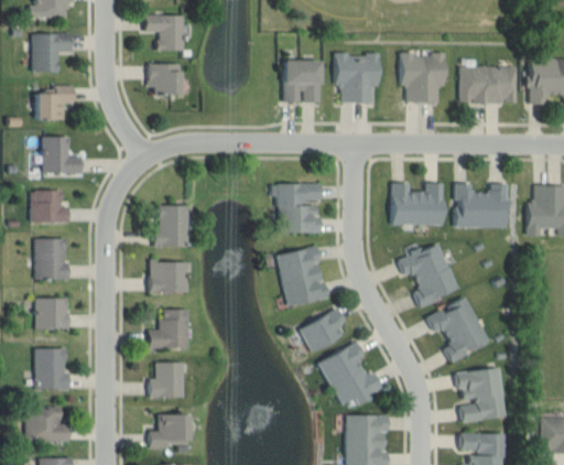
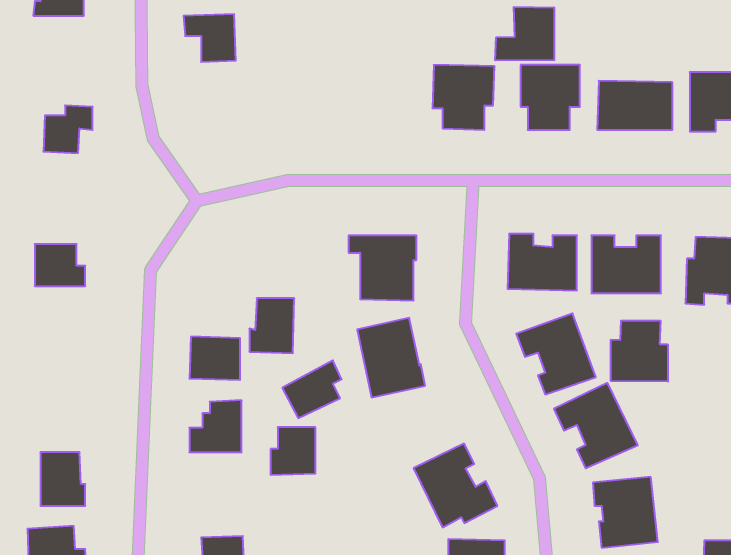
building: none -> [495,7,554,60]
building: [32,33,73,73] -> none
building: [284,62,322,104] -> none
building: [150,64,181,96] -> none
building: [43,138,83,174] -> none
building: [154,206,188,248] -> [249,298,294,353]
building: [35,238,69,280] -> none
building: none -> [611,321,668,382]
building: [35,299,69,329] -> none
building: [300,309,345,353] -> [282,360,342,418]
building: [150,363,184,399] -> [271,427,315,475]

